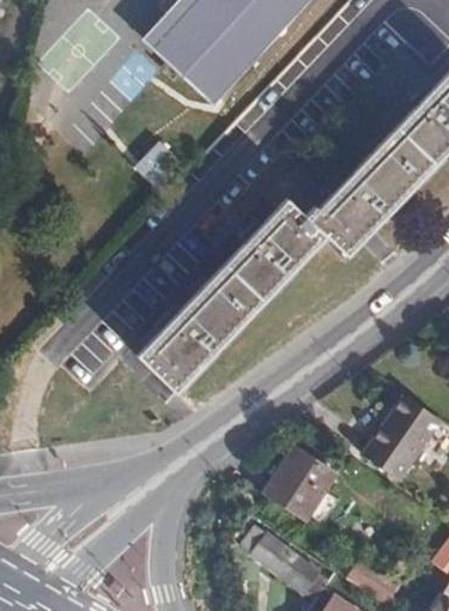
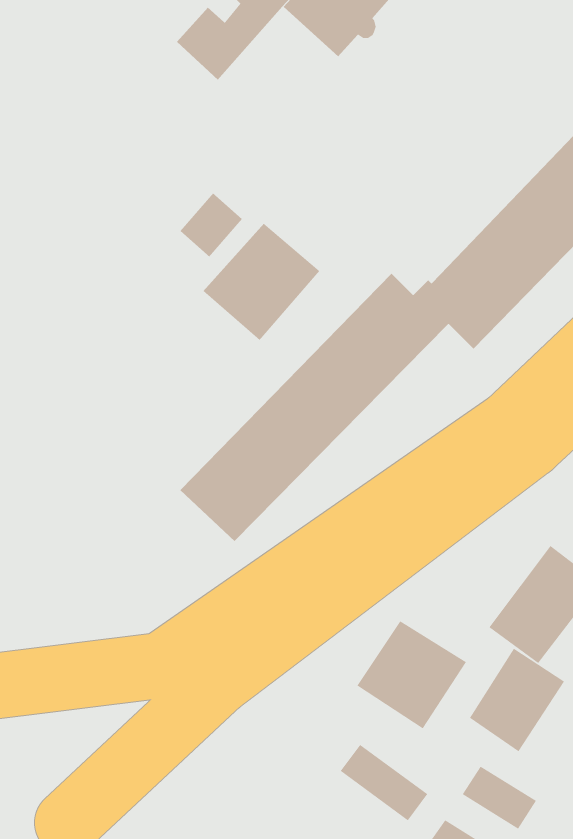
building: [166,10,253,98] -> none
building: none -> [203,223,320,341]
building: none -> [469,648,565,752]

